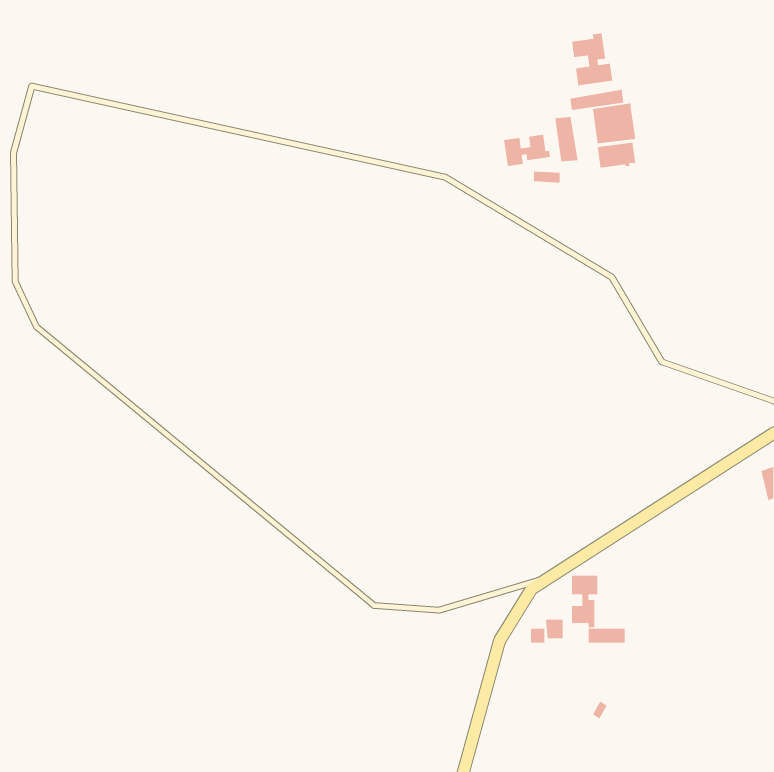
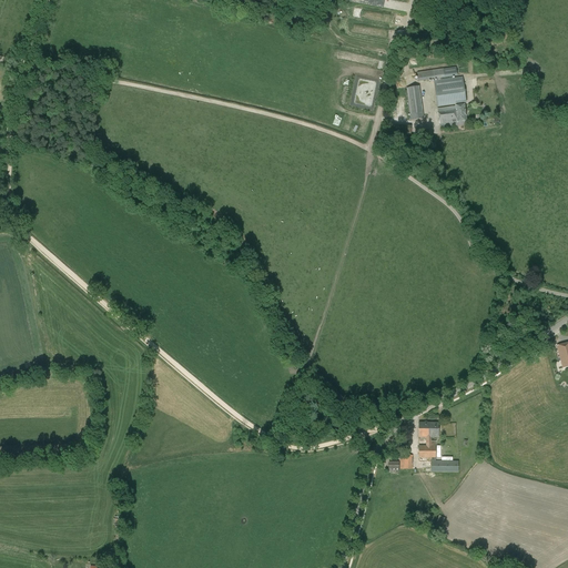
building: [572,33,613,86] -> none
building: [504,134,550,167] -> none

